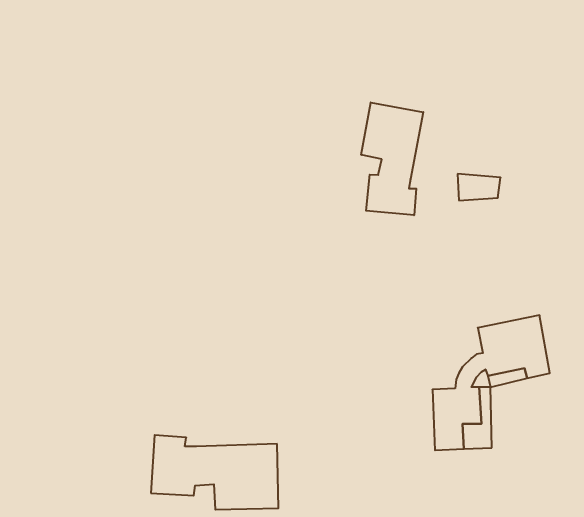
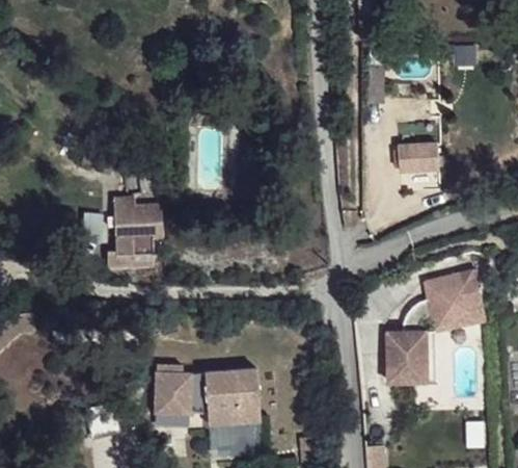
building: [361,102,423,215] -> none
building: none -> [108,198,165,266]

